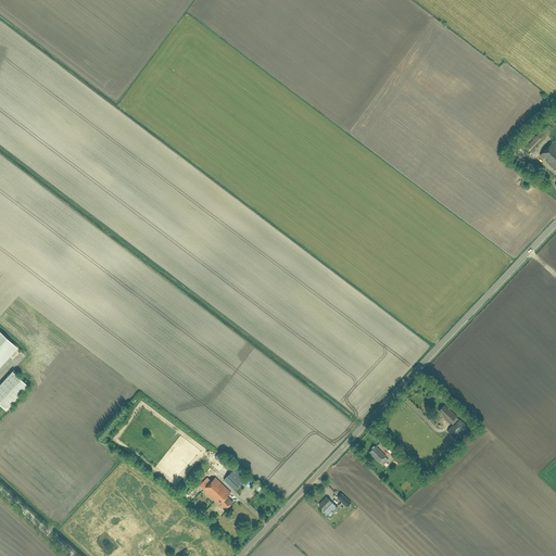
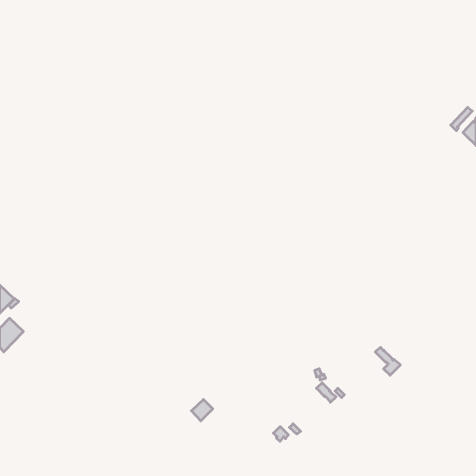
building: [198,476,232,508] -> none

